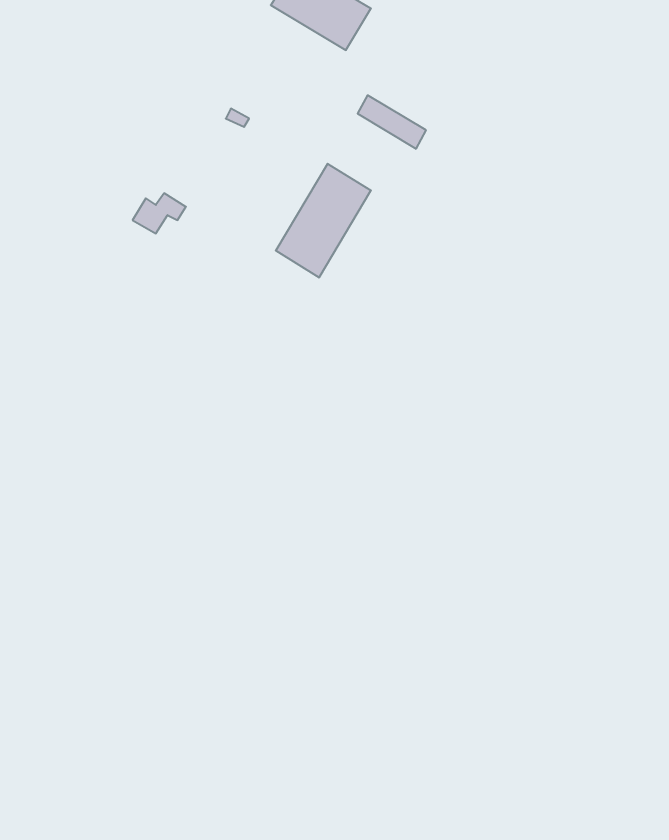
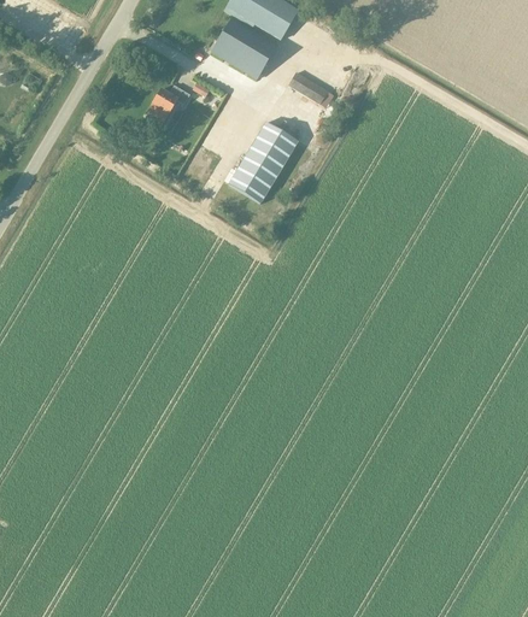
building: none -> [210,17,276,78]
building: [133,193,186,233] -> [151,84,189,113]

